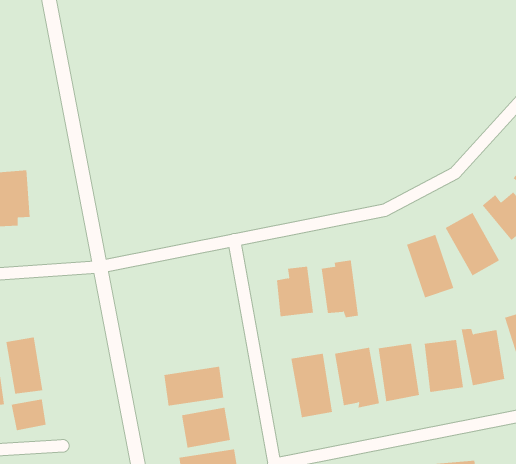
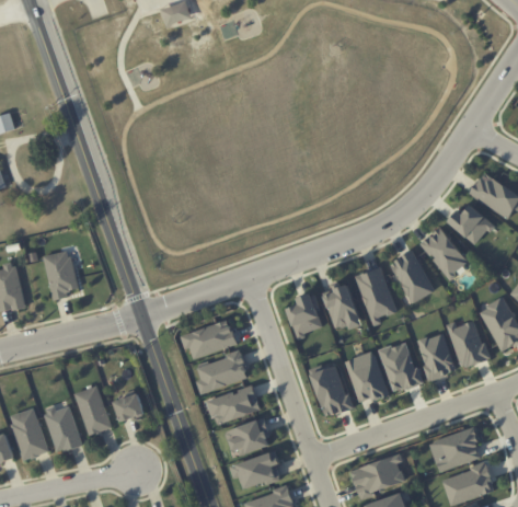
building: none -> [354,266,395,325]
building: none -> [180,319,237,359]
building: none -> [195,352,248,393]
building: [11,399,46,431] -> [113,393,145,423]

